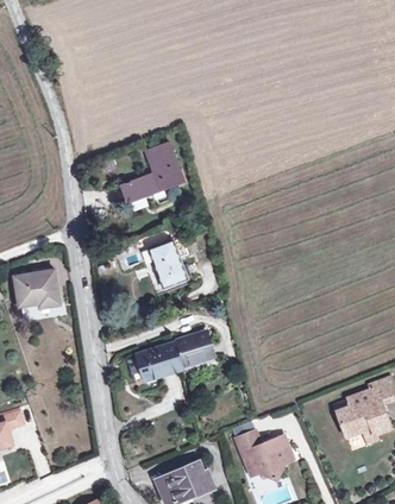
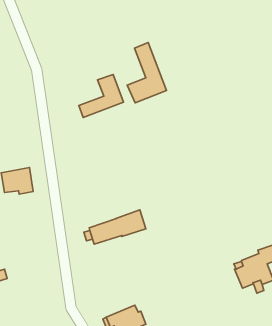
building: none -> [127,43,167,103]
building: [148,240,186,288] -> none
building: [234,431,293,480] -> none

